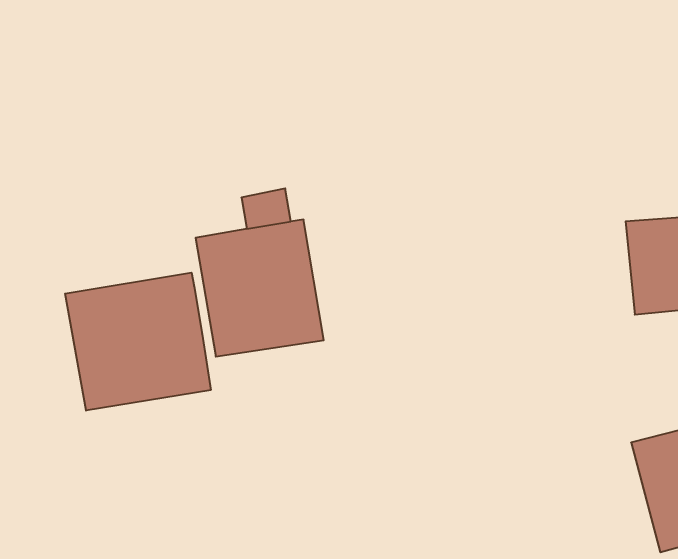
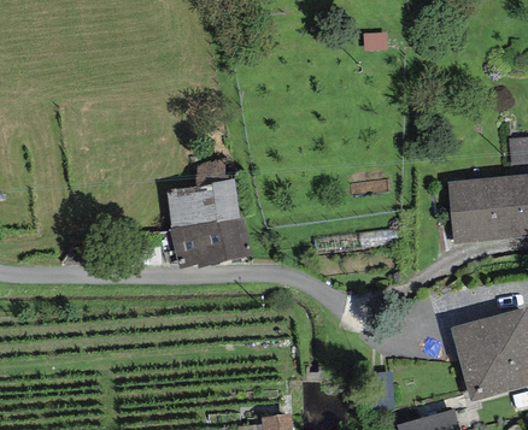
building: [65,273,211,411] -> none

